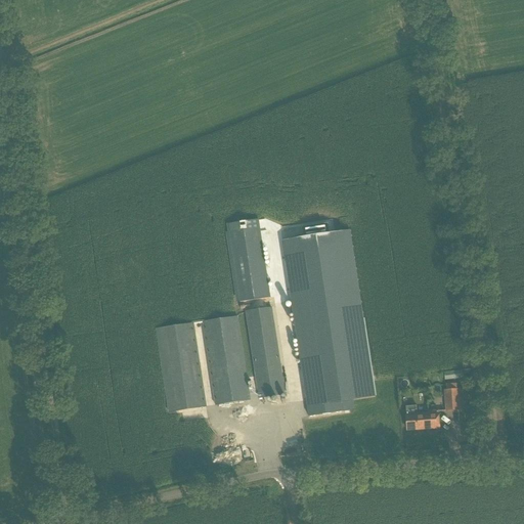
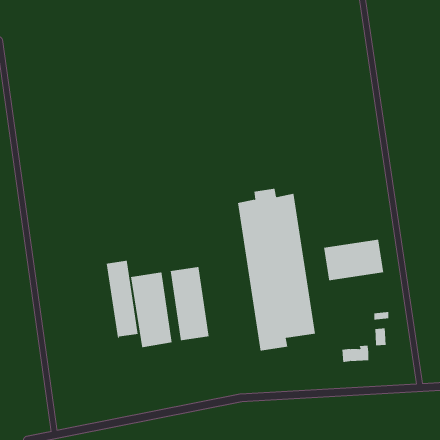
building: [227,219,269,302] -> none
building: none -> [324,239,384,281]
building: [245,306,283,399] -> [106,260,139,339]

